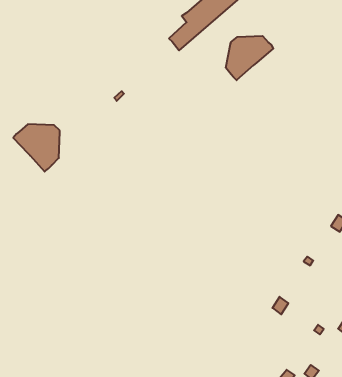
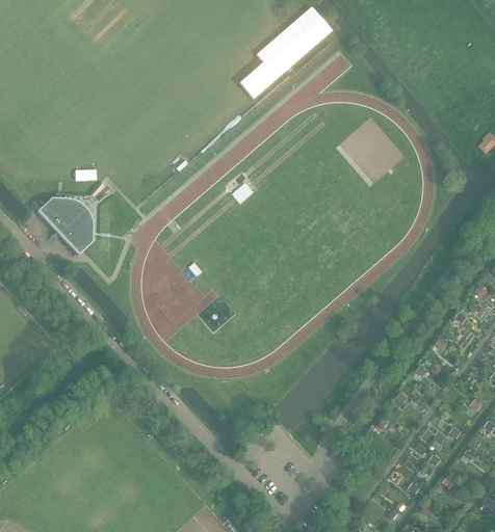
building: [226,36,273,80] -> none

